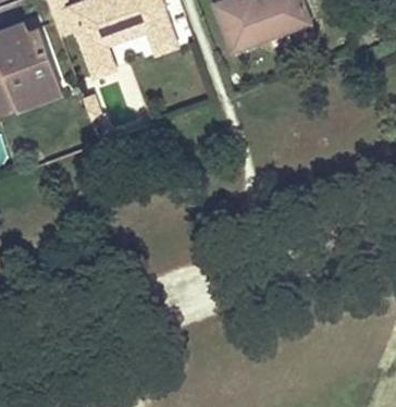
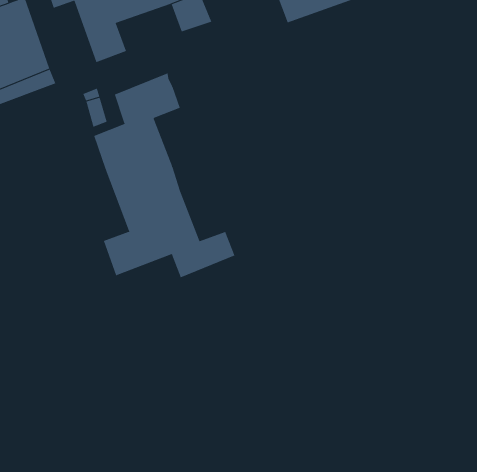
building: none -> [94,73,235,278]

